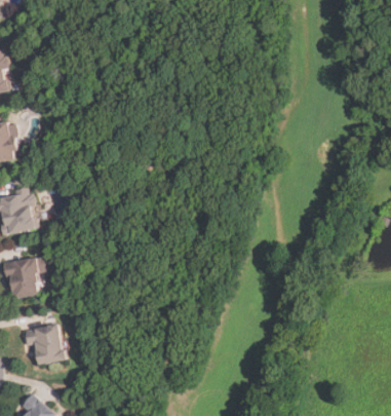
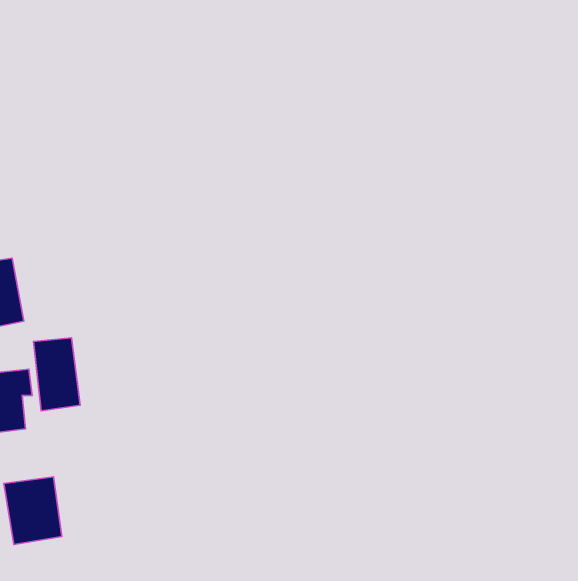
building: none -> [34,338,80,411]

